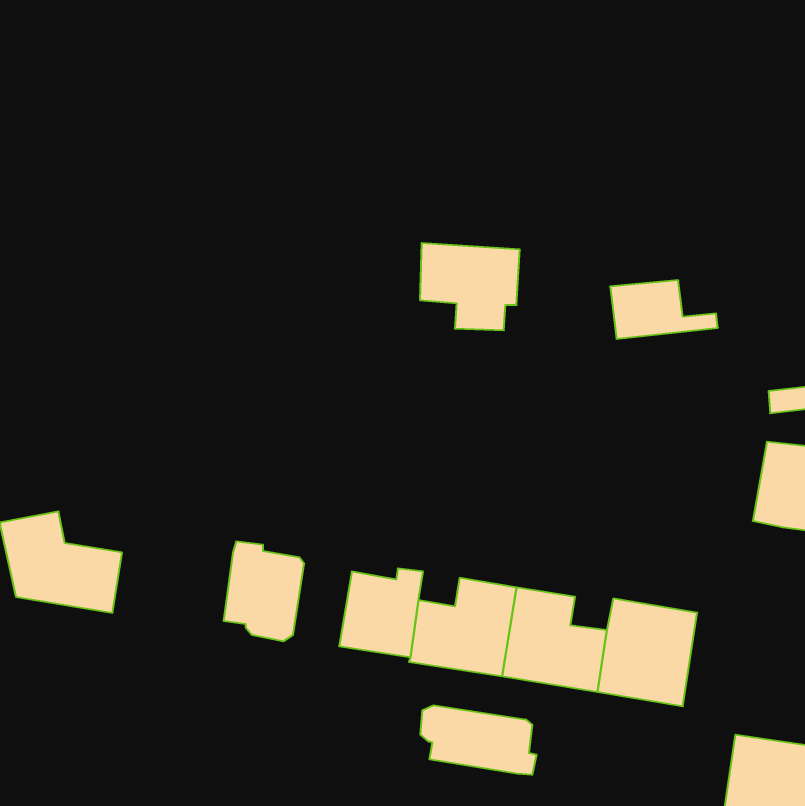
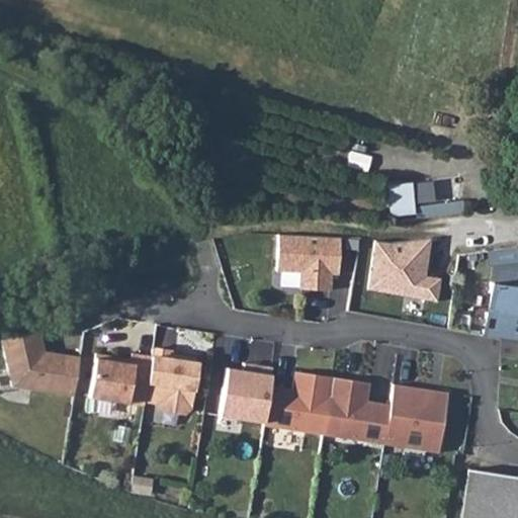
building: [420,243,520,330] -> [278,235,342,290]
building: none -> [370,240,444,306]
building: none -> [90,352,152,405]
building: [421,705,537,775] -> none

